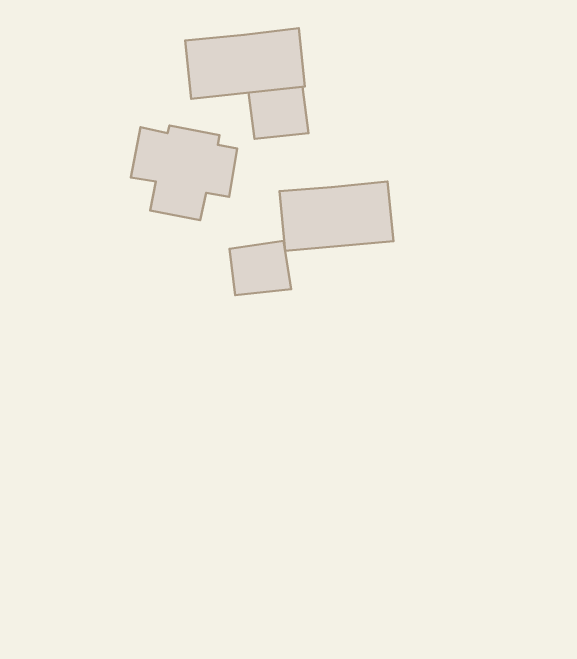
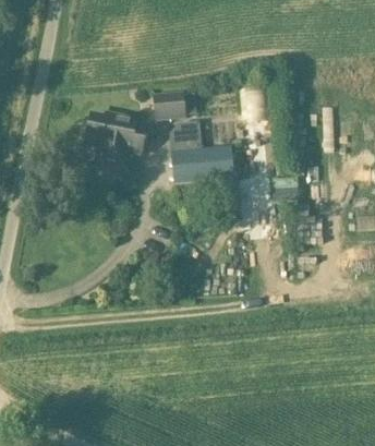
building: [185,28,305,99] -> none
building: [229,241,291,295] -> [168,119,203,149]

